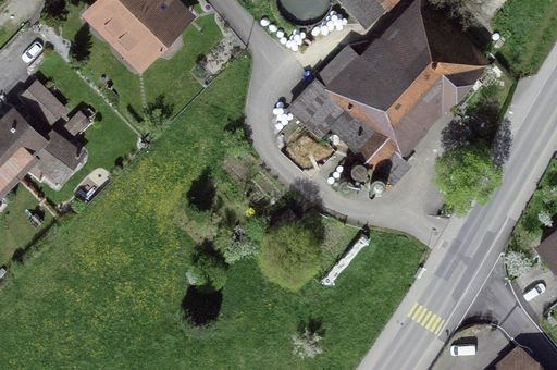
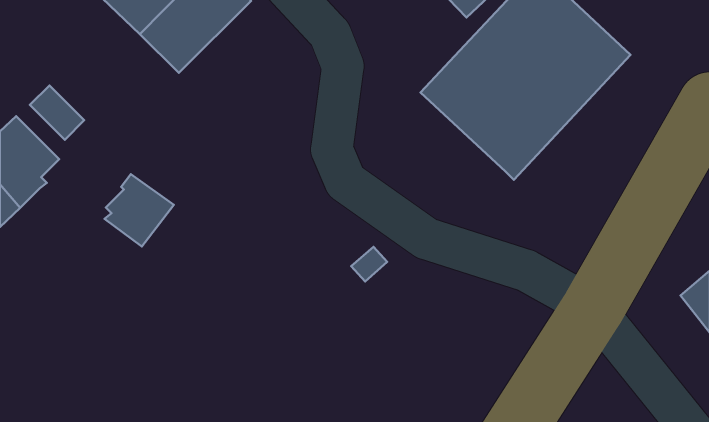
building: [286,44,396,173] -> none
building: [32,128,86,185] -> [104,174,174,247]

